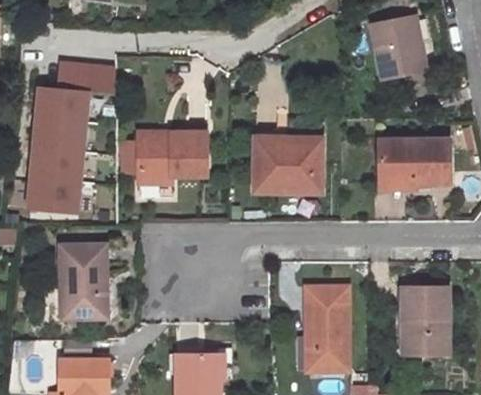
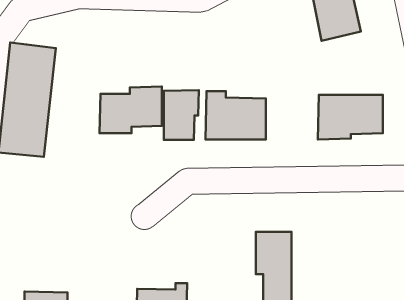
building: [58,60,114,93] -> none
building: none -> [164,90,199,140]
building: [60,246,105,319] -> none
building: [404,293,448,361] -> none

